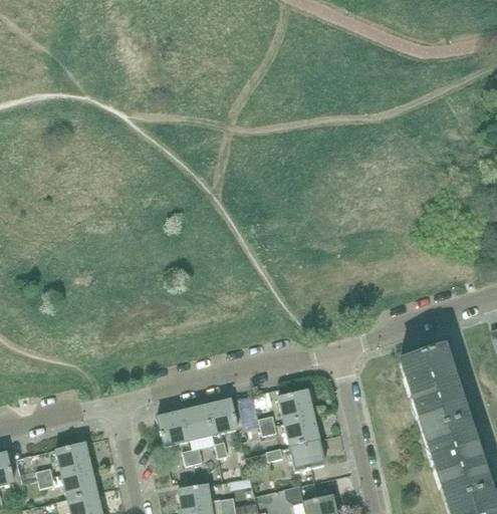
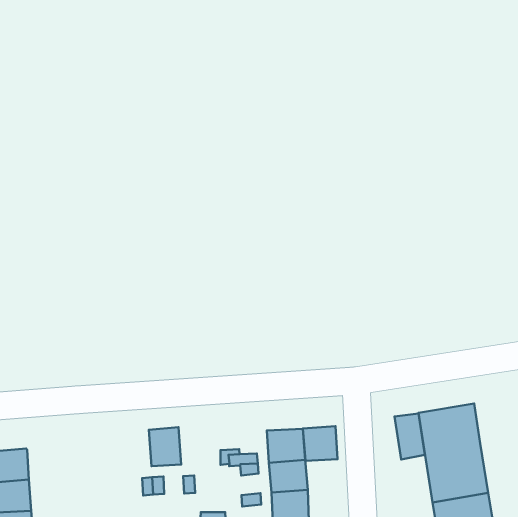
building: none -> [395,413,425,459]
building: none -> [303,426,337,461]
building: [207,399,239,435] -> none
building: [159,411,190,446] -> none

